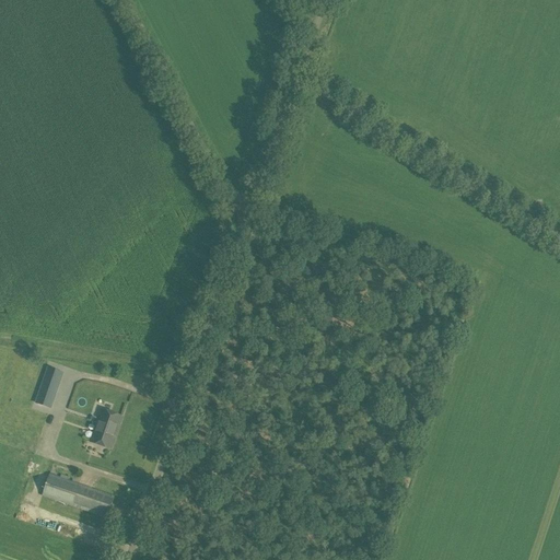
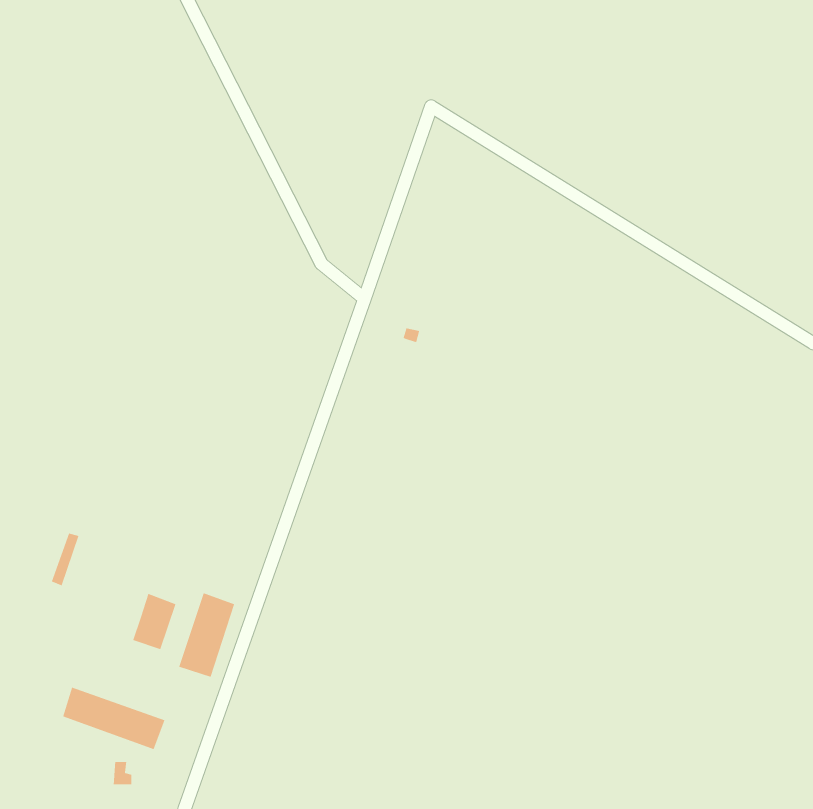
building: none -> [178,592,235,678]

